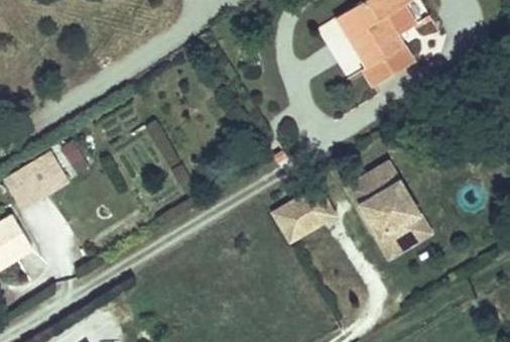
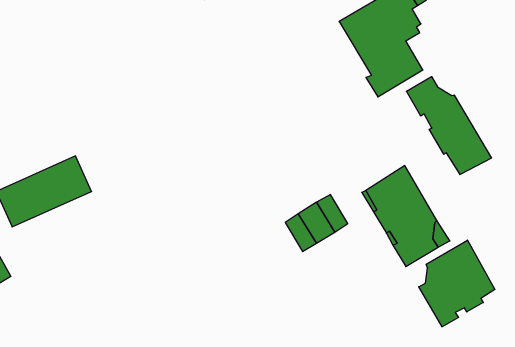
building: none -> [406,77,492,175]
building: none -> [419,240,495,327]

